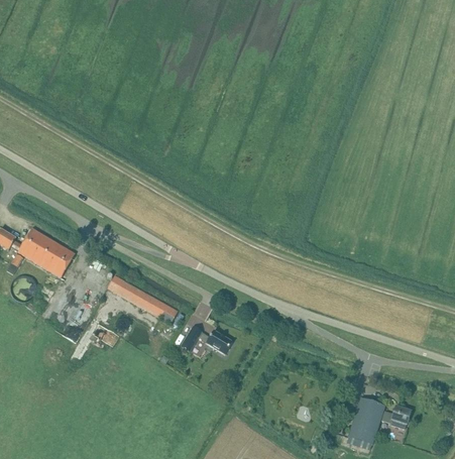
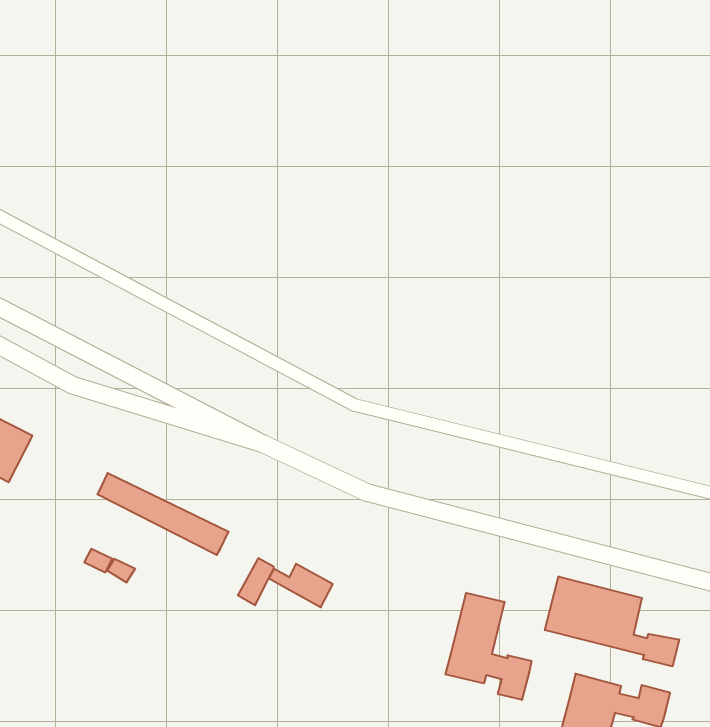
building: none -> [545,576,679,666]
building: none -> [445,593,531,700]

